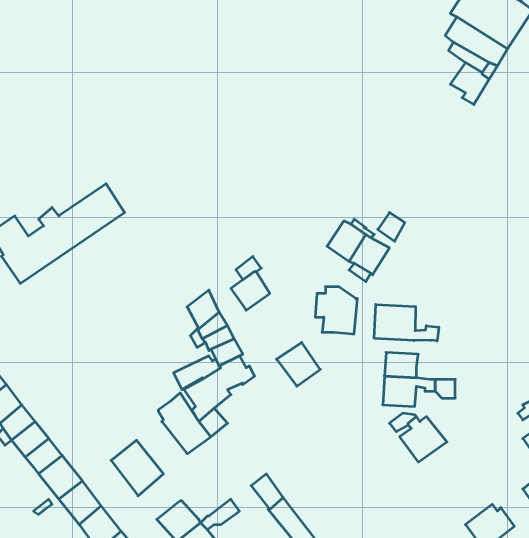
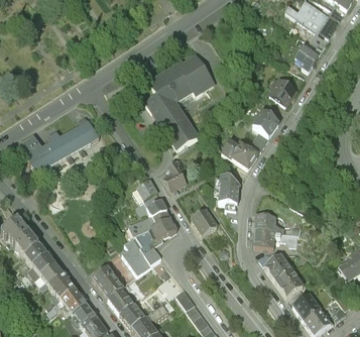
building: none -> [146,50,215,146]
building: none -> [269,77,296,104]
building: none -> [252,106,279,137]
building: [374,304,439,341] -> none
building: none -> [275,270,304,298]
building: none -> [108,287,133,317]
building: none -> [292,293,320,320]

